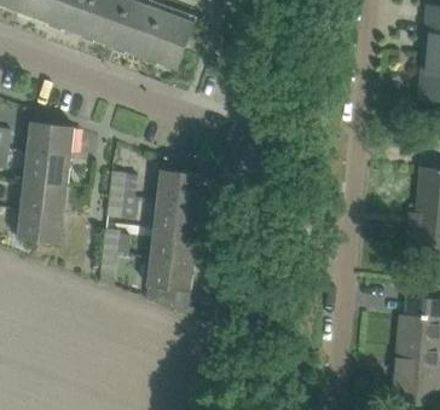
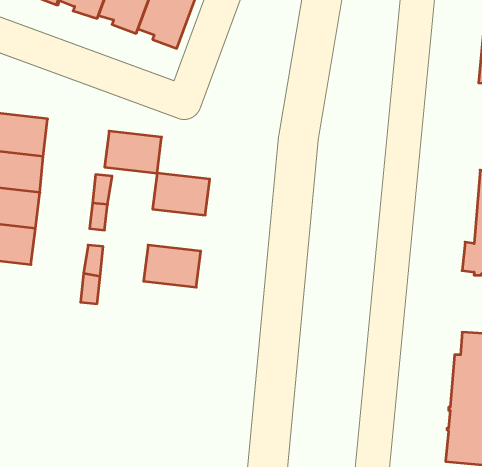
building: [155,198,201,232] -> [105,131,162,173]
building: [146,256,193,308] -> none

